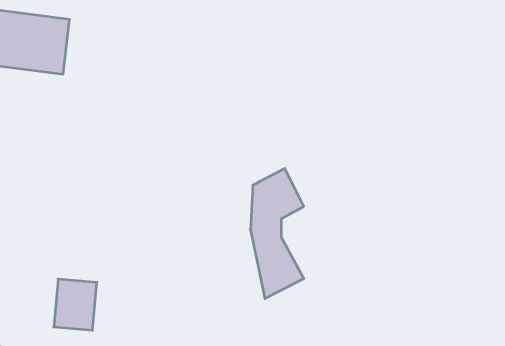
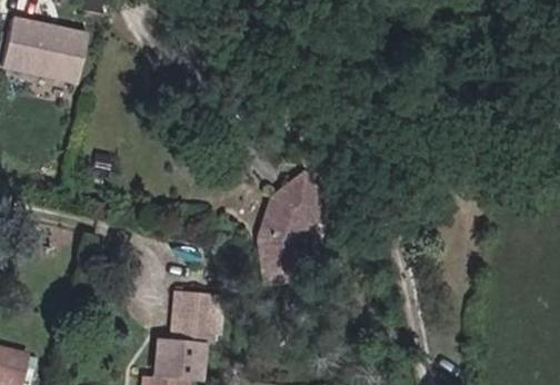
building: [54,279,97,330] -> [169,295,212,346]

